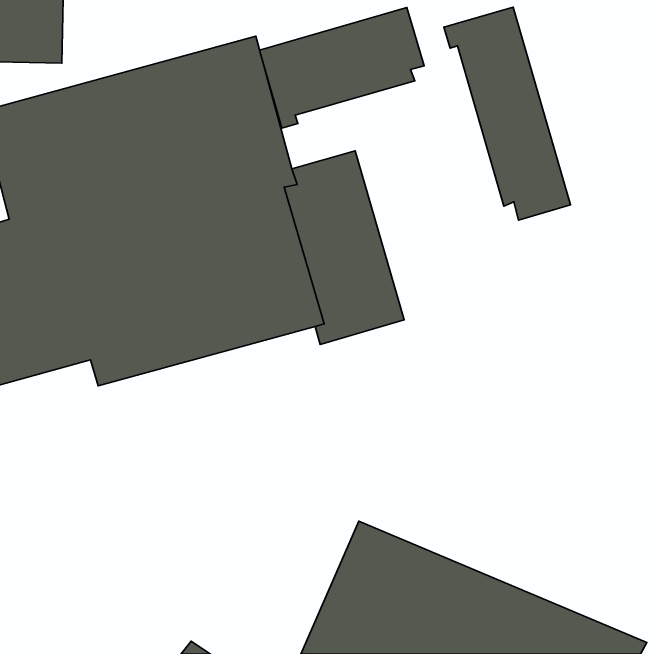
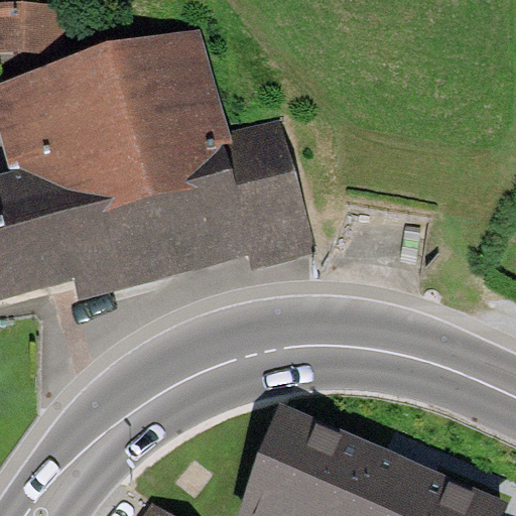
building: [444,7,571,220] -> none
building: [259,7,424,128] -> none

